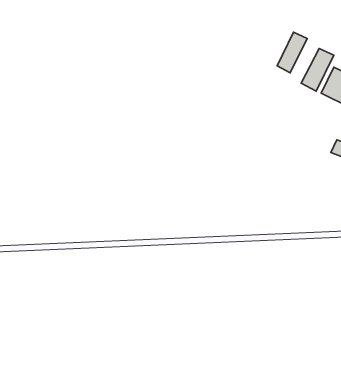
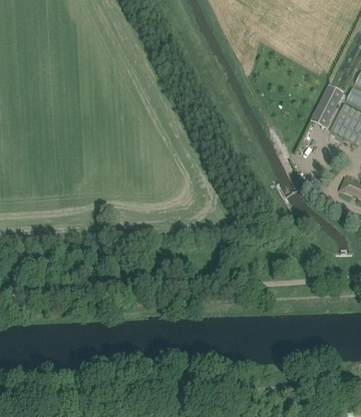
building: [277,32,307,73] -> none

